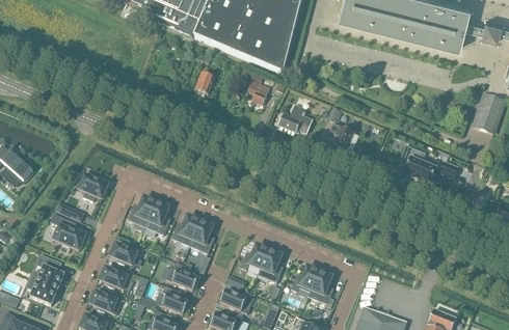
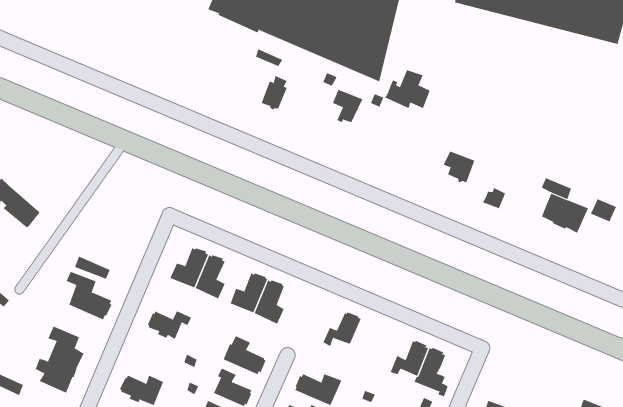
building: [277,104,312,133] -> [384,70,430,109]
building: [78,174,107,200] -> none
building: [258,249,280,282] -> none
building: [100,267,133,290] -> none

